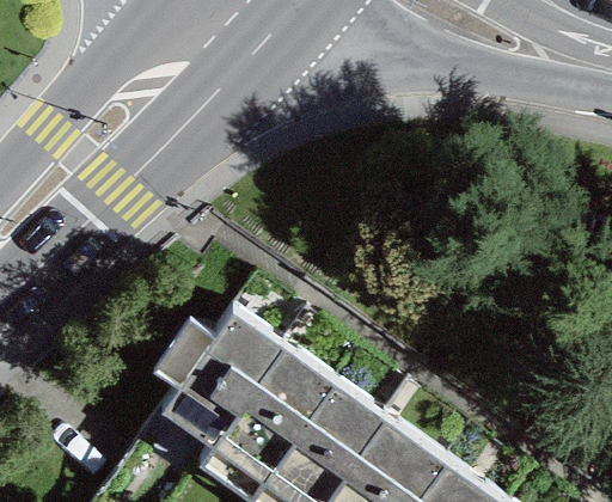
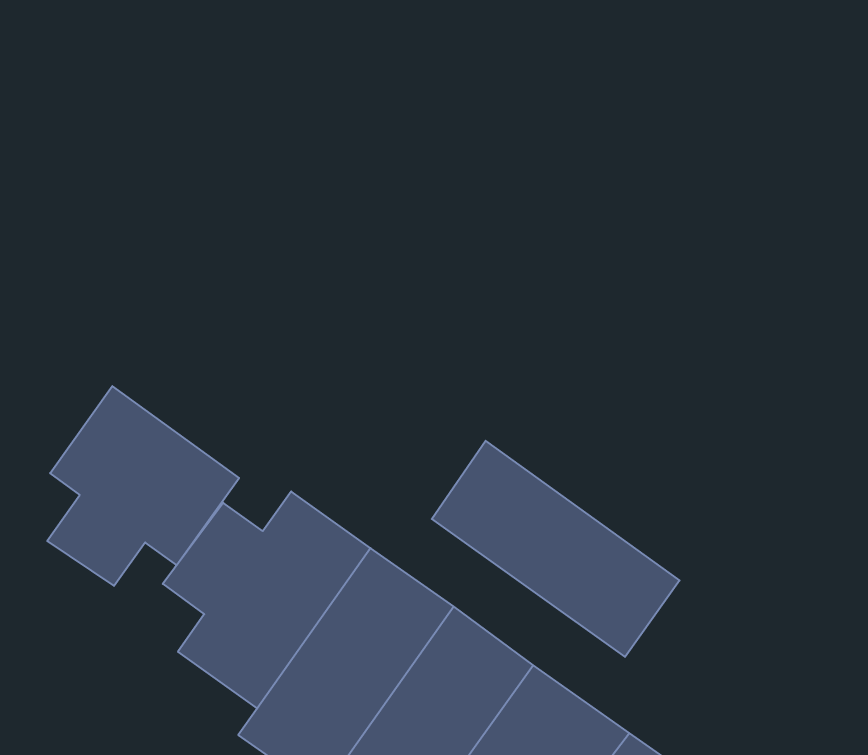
building: none -> [47,386,239,586]
building: none -> [432,441,680,657]

